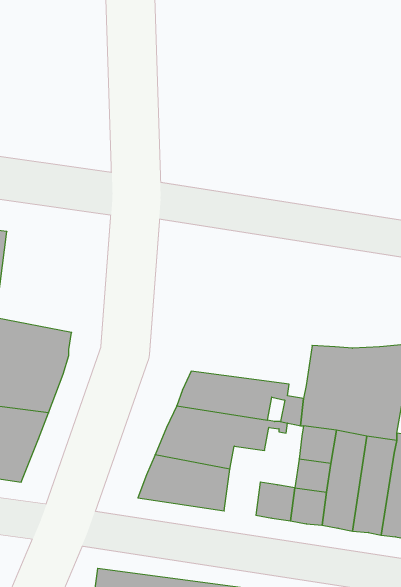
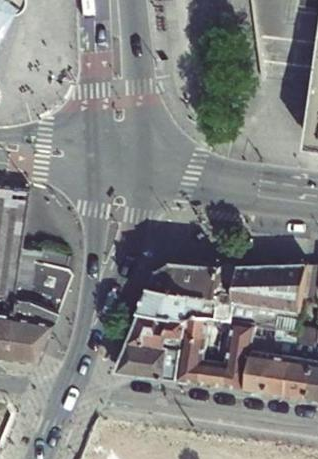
building: none -> [151,261,235,295]
building: none -> [174,337,202,385]

